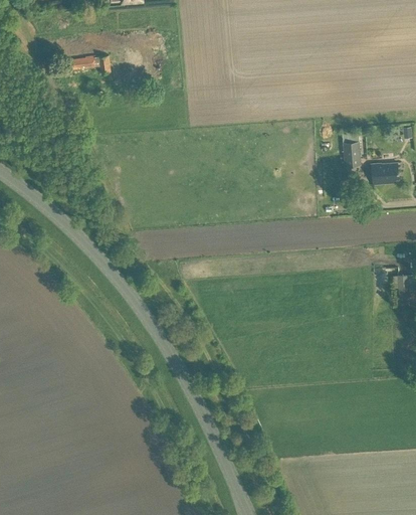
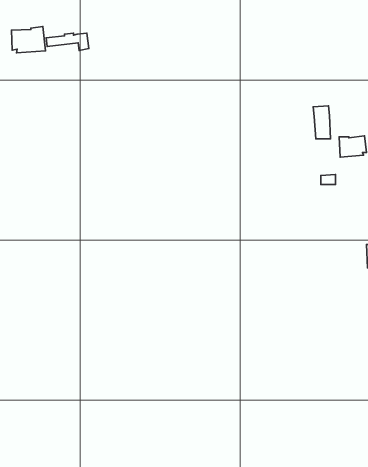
building: none -> [11,26,45,53]

